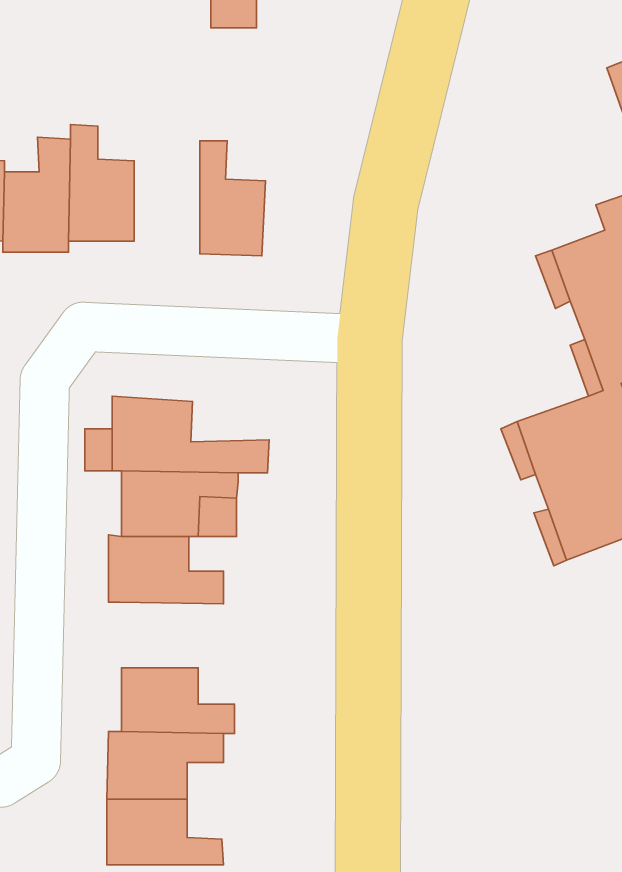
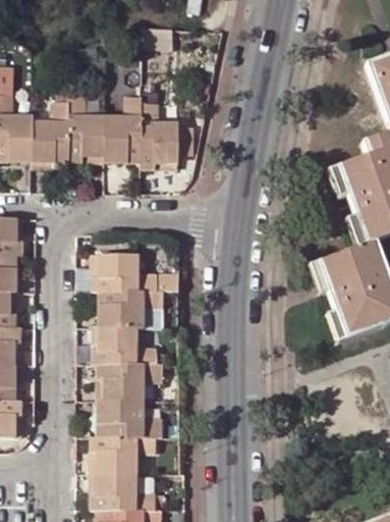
building: none -> [106,86,143,162]
building: none -> [98,363,162,400]

